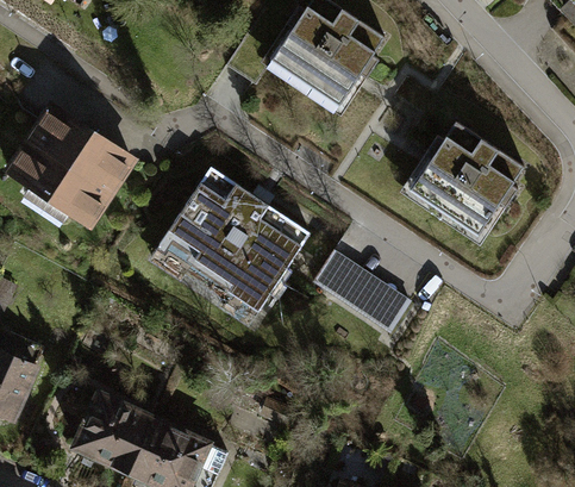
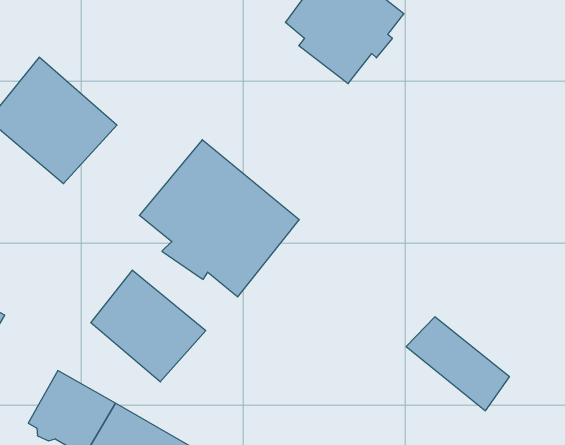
building: [414,123,524,236] -> none
building: [310,254,407,336] -> [406,317,509,411]
building: none -> [91,270,206,382]

